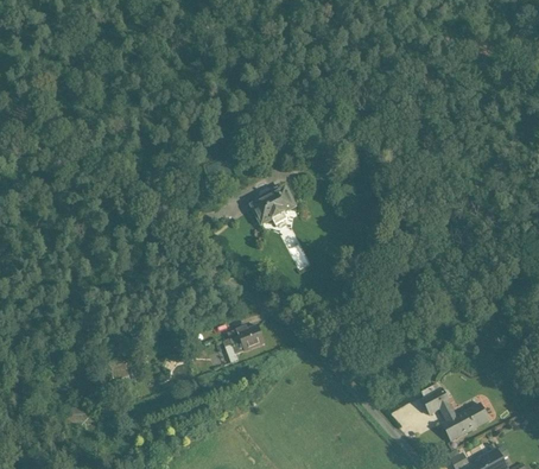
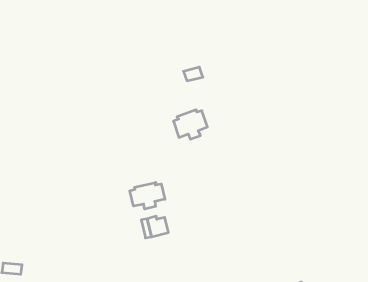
building: none -> [130,182,165,209]

